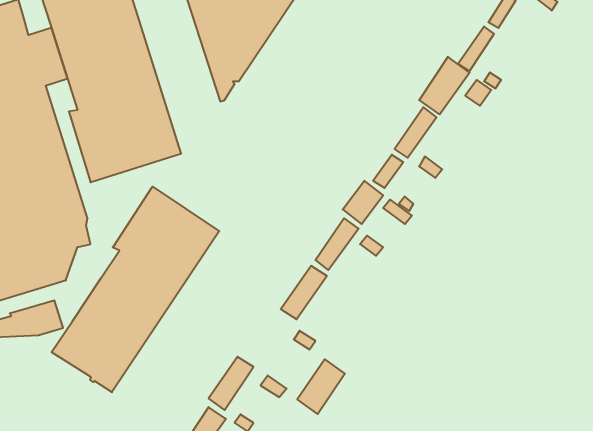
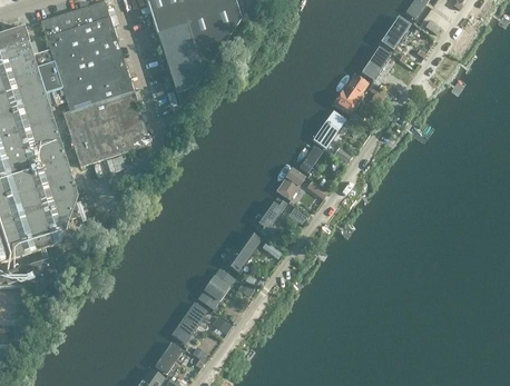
building: [52,187,219,392] -> none
building: [297,359,345,414] -> [198,266,235,308]

